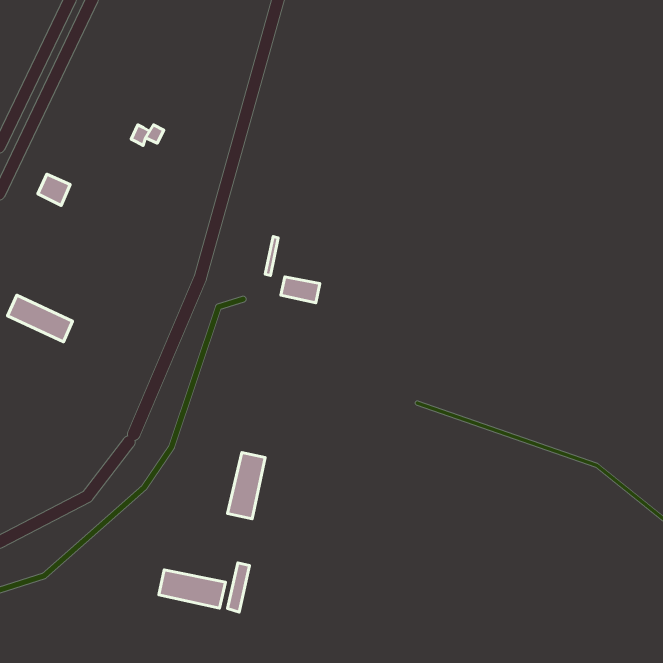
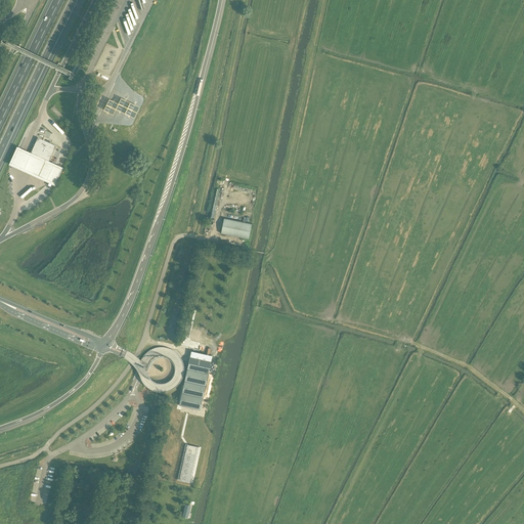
building: [8,295,73,342] -> [11,146,62,183]
building: [159,570,226,608] -> none

